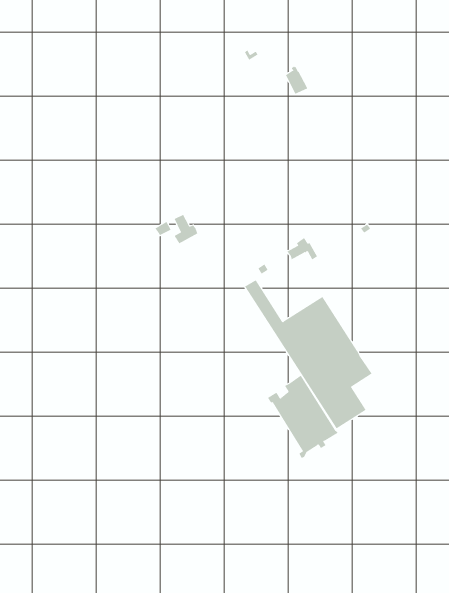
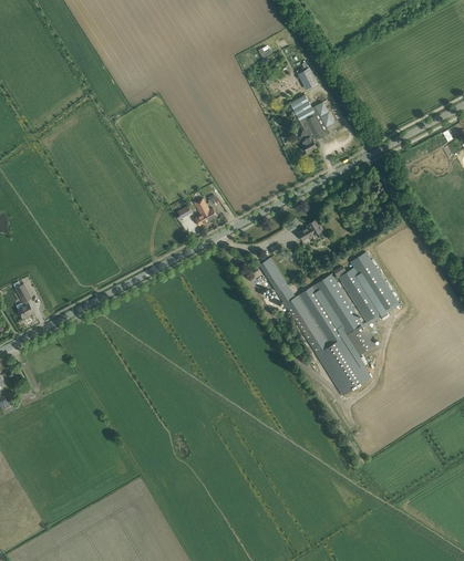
building: none -> [289,95,323,153]
building: [267,375,339,458] -> [333,251,399,328]

